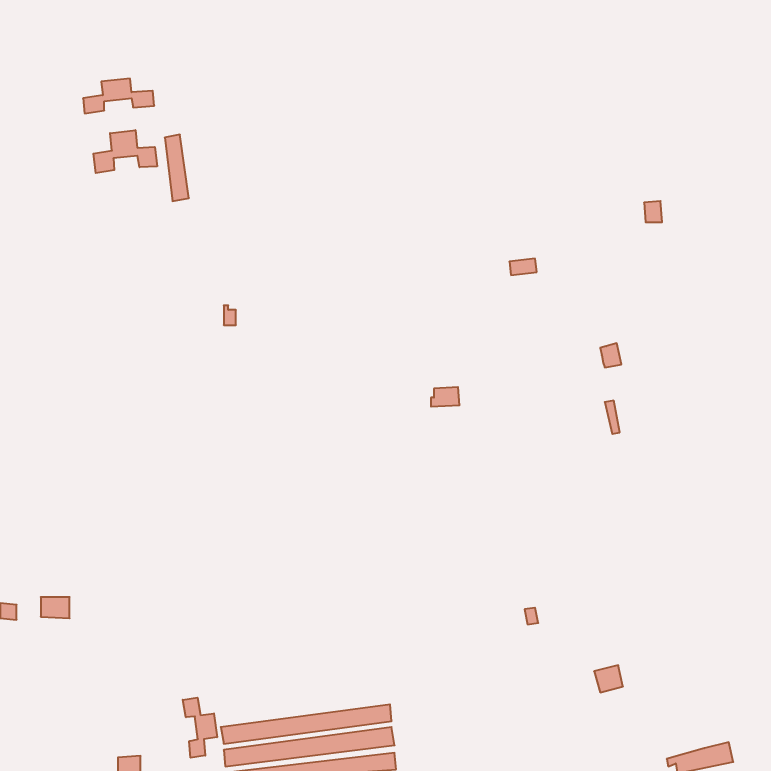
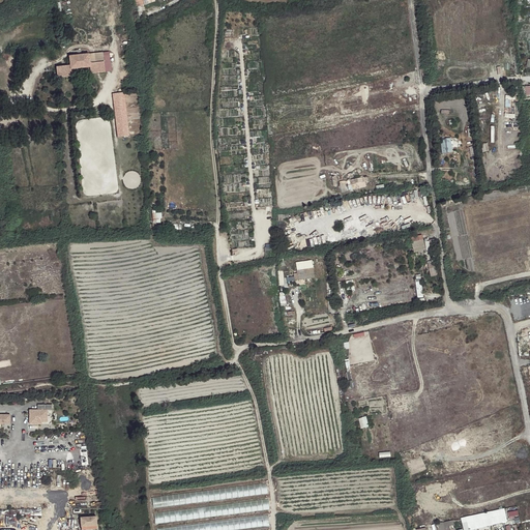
building: [93,130,157,173] -> none
building: [183,698,217,758] -> none

